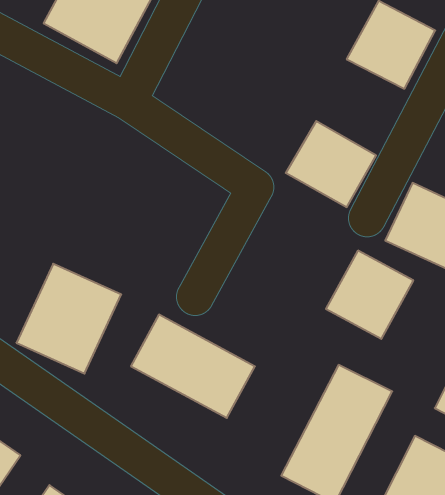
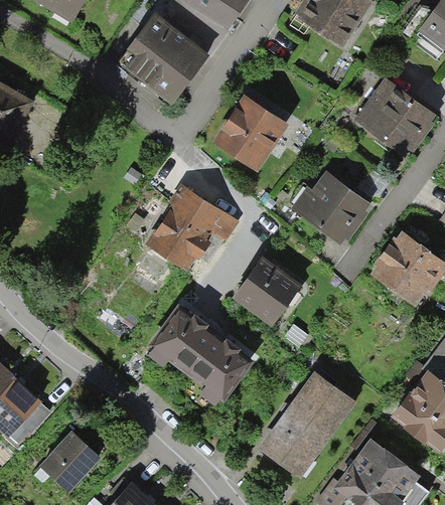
building: none -> [212,96,289,174]
building: [326,251,413,339] -> [236,249,309,323]
building: [16,264,121,374] -> [146,183,236,275]

